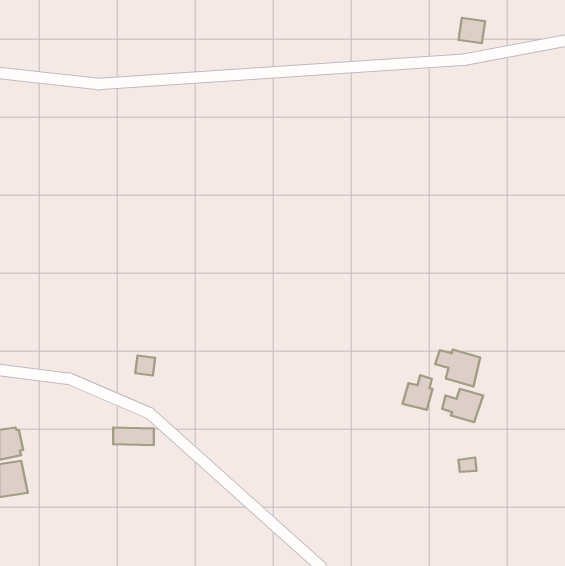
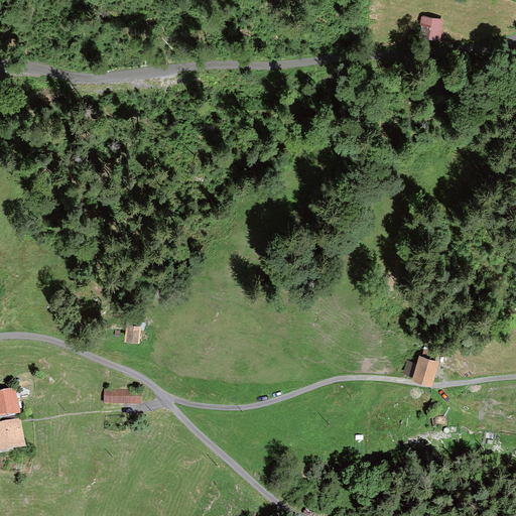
building: [435,350,480,386] -> none
building: [402,375,433,410] -> none

